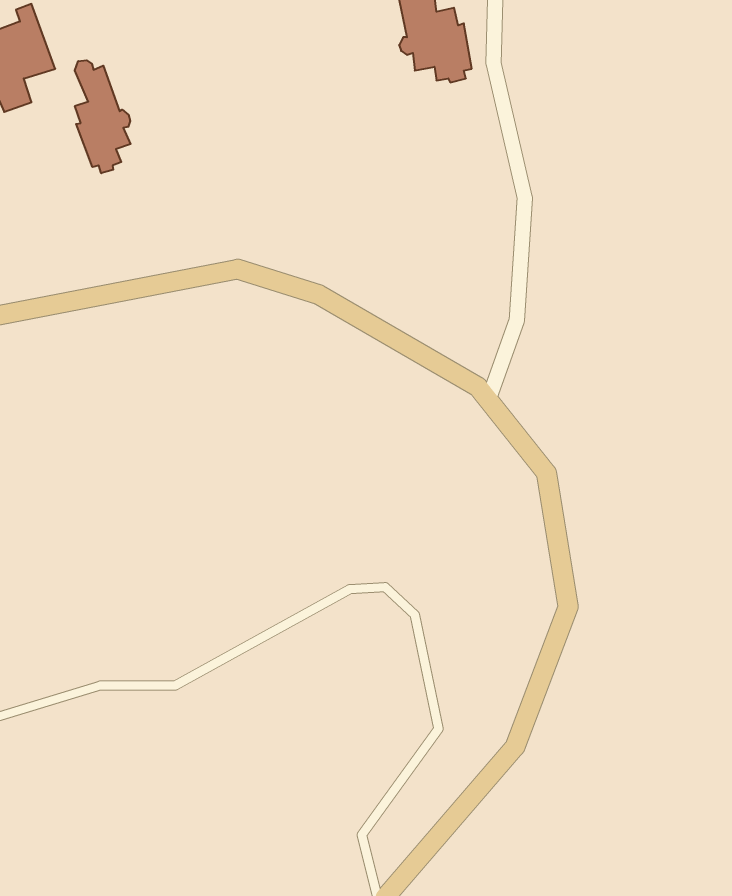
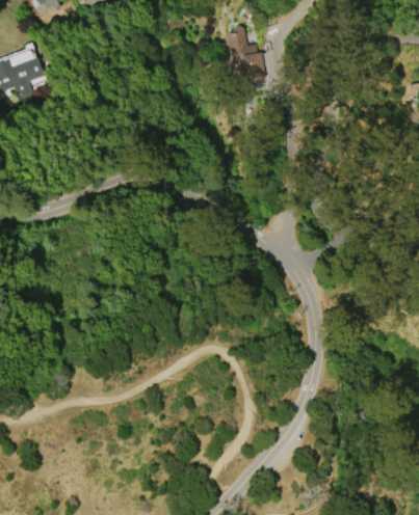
building: [75,60,131,173] -> none

